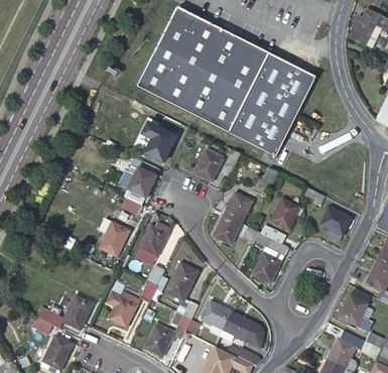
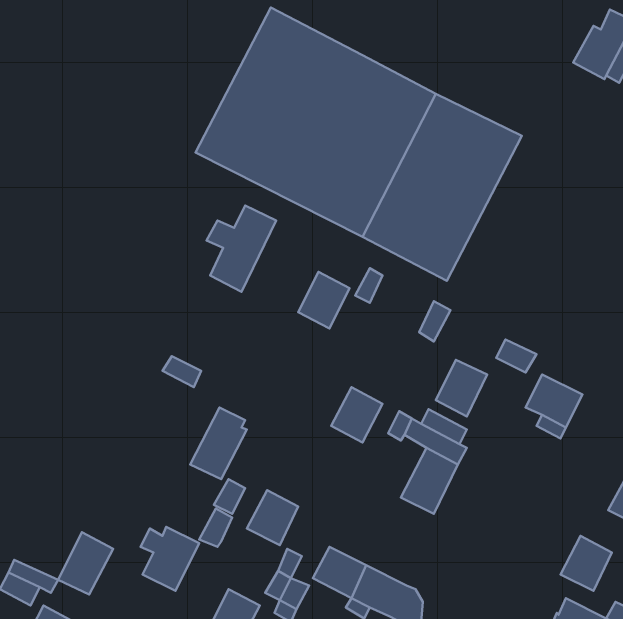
building: [127,161,158,199] -> none
building: [220,194,252,224] -> none
building: [98,222,129,256] -> none

